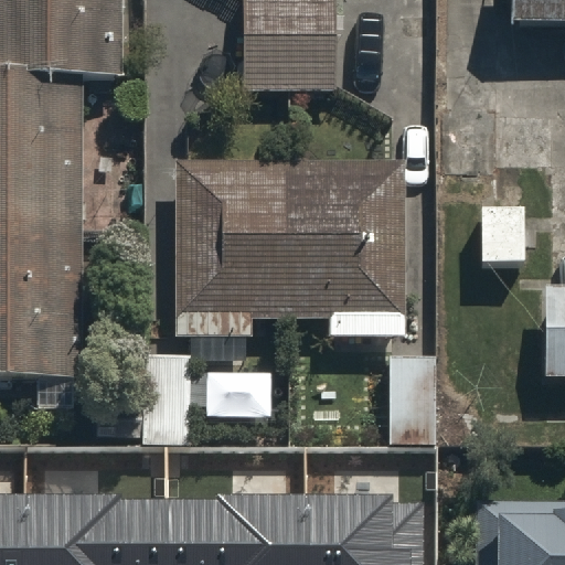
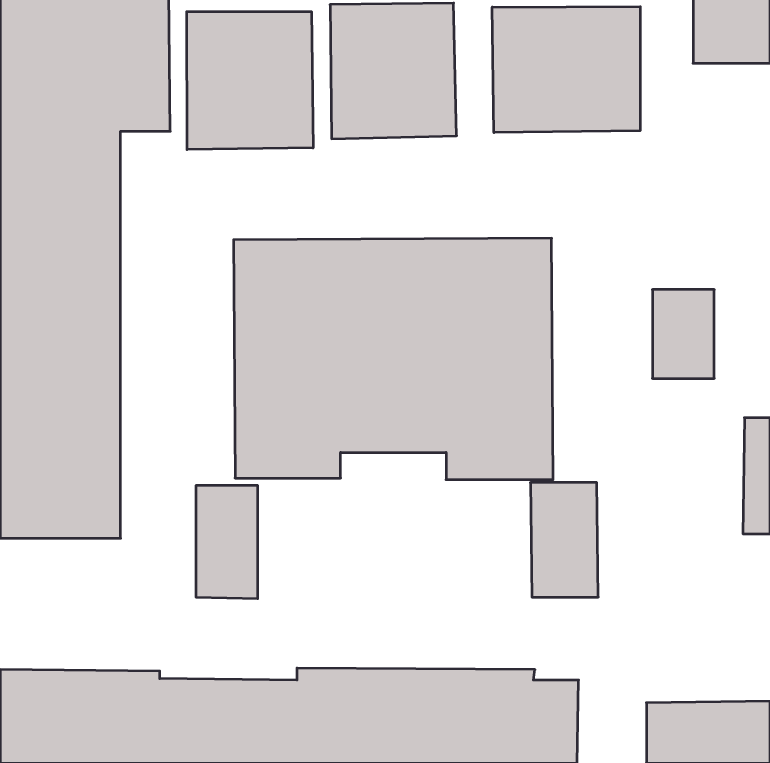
building: none -> [492,7,640,133]
building: none -> [187,12,313,150]

